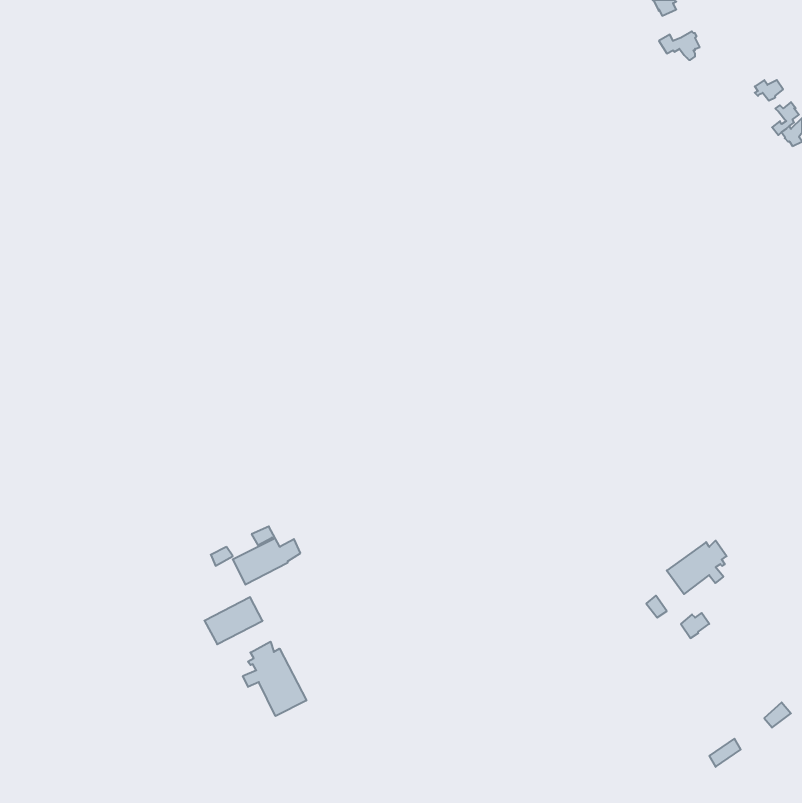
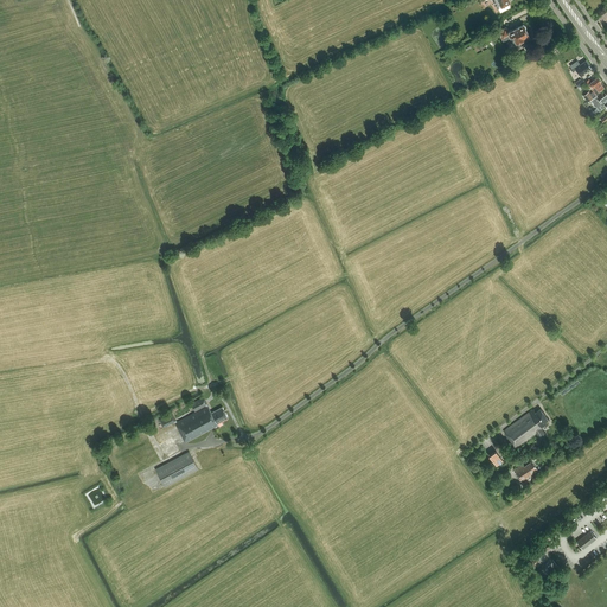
building: [243,642,306,716] -> none

